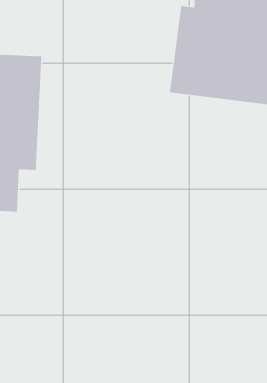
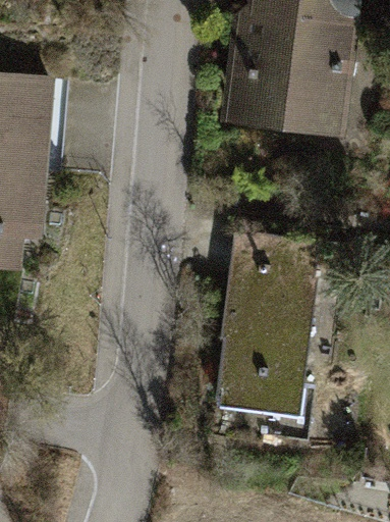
building: none -> [218,223,319,395]

